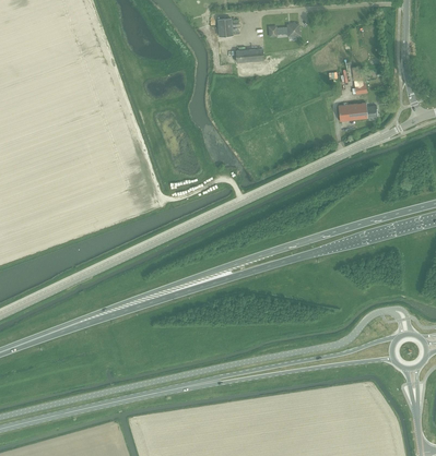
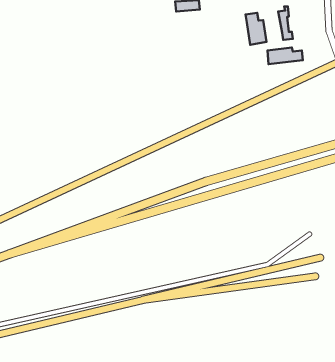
building: none -> [246,13,267,45]

